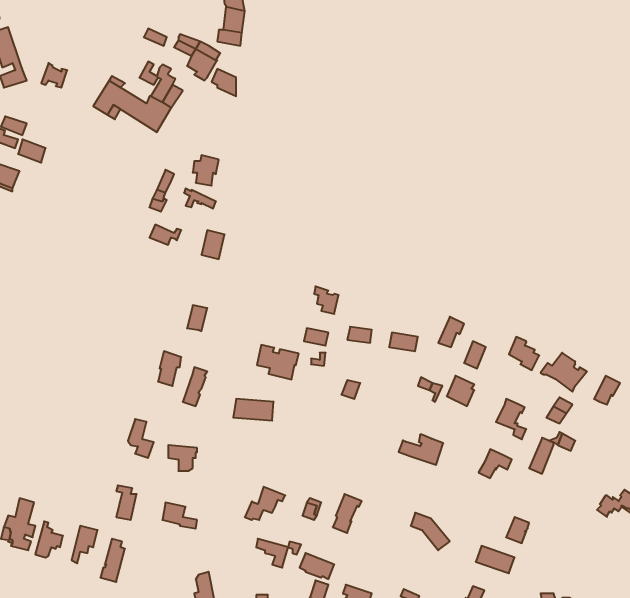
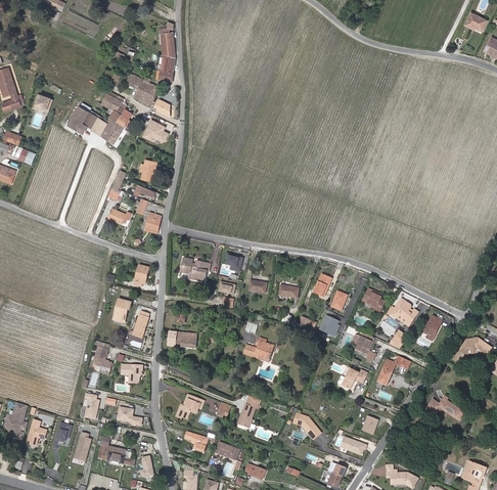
building: none -> [142,118,169,142]
building: [257,345,299,379] -> [180,257,210,281]
building: [399,435,443,465] -> [241,340,273,361]
building: none -> [98,436,135,464]

